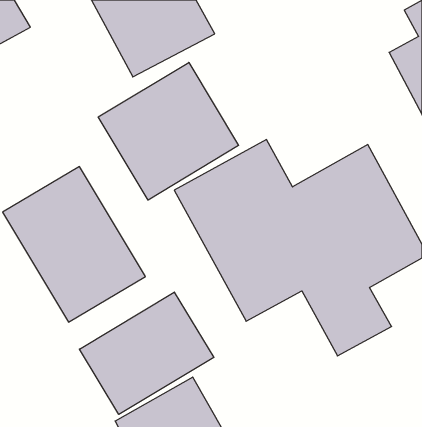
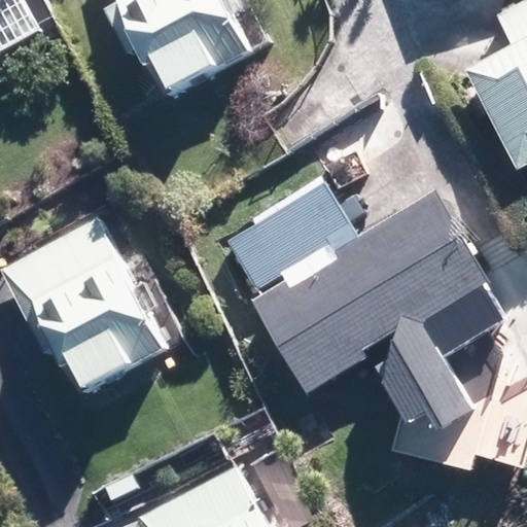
building: [98,62,239,200] -> none
building: [79,292,214,414] -> none

